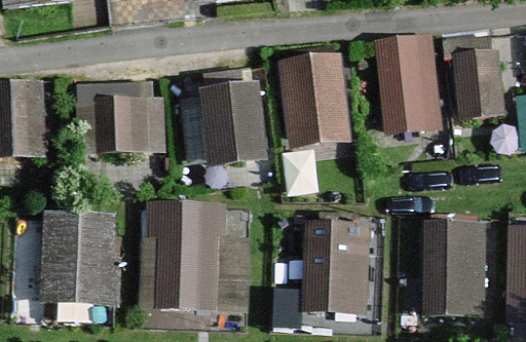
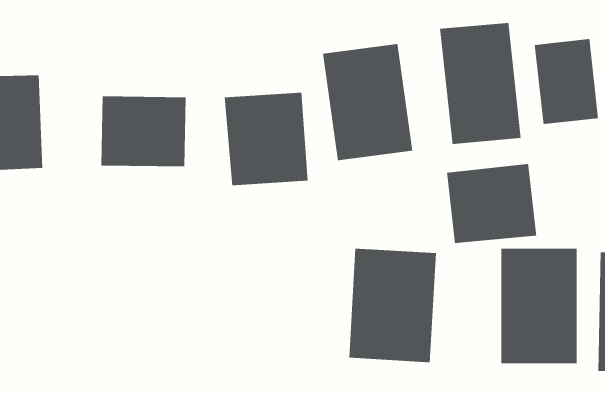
building: none -> [446,163,537,244]
building: [138,199,250,311] -> none
building: [40,207,120,304] -> none

